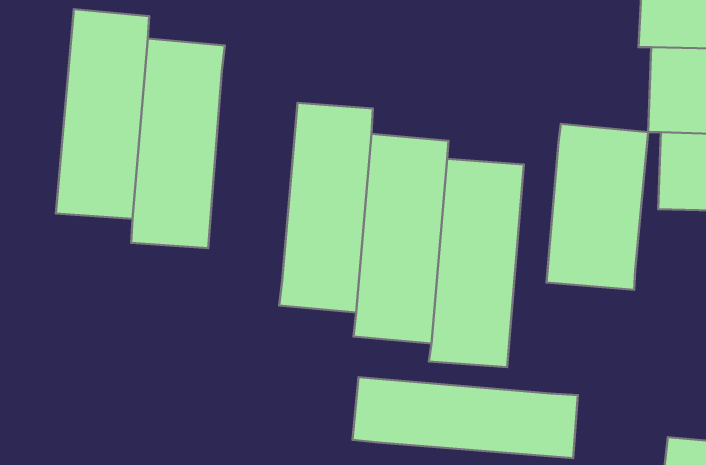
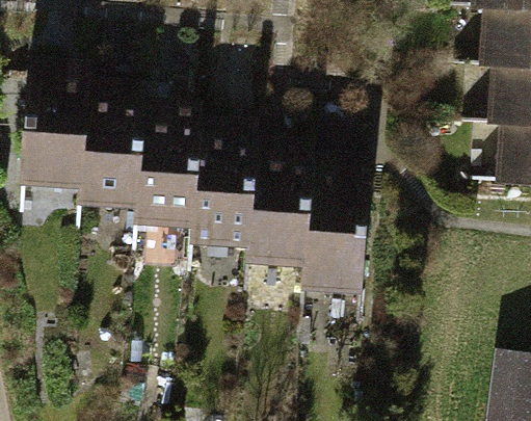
building: none -> [154,88,223,244]
building: [546,124,648,290] -> none
building: [353,377,578,458] -> none

